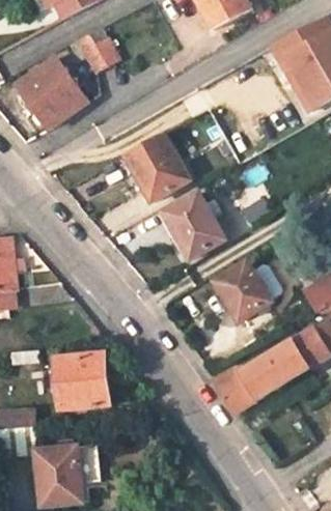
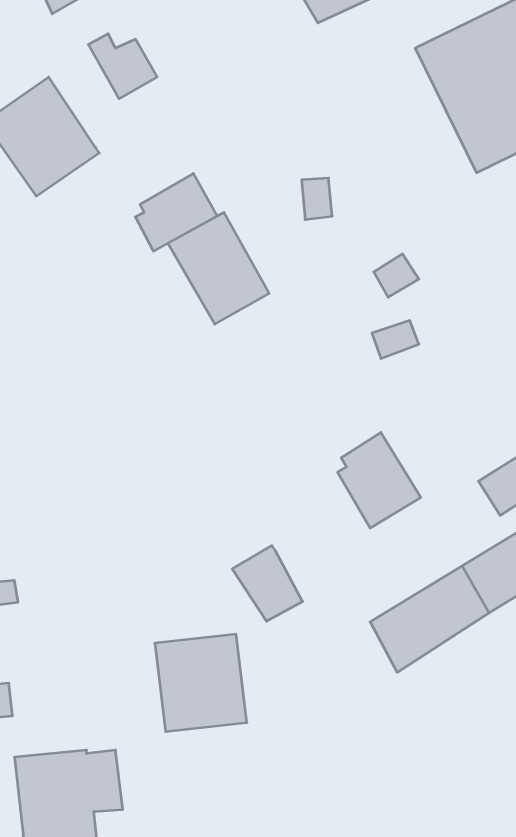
building: none -> [135,173,217,251]
building: [165,195,223,258] -> none
building: [55,354,108,410] -> [155,634,247,732]
building: [215,370,255,414] -> [232,546,303,621]

